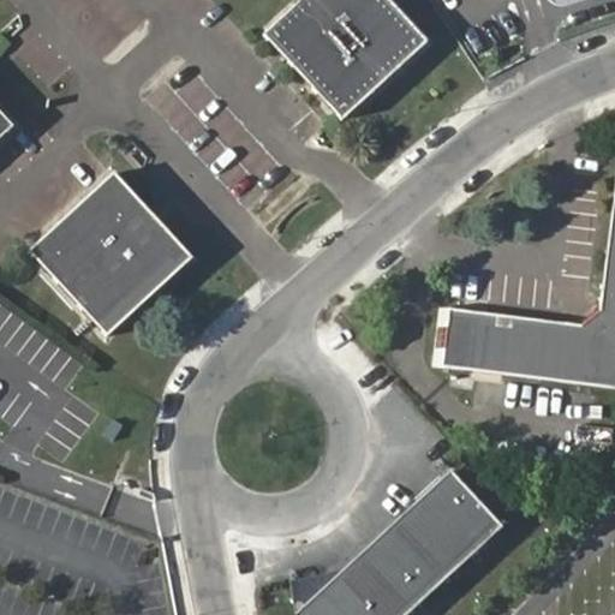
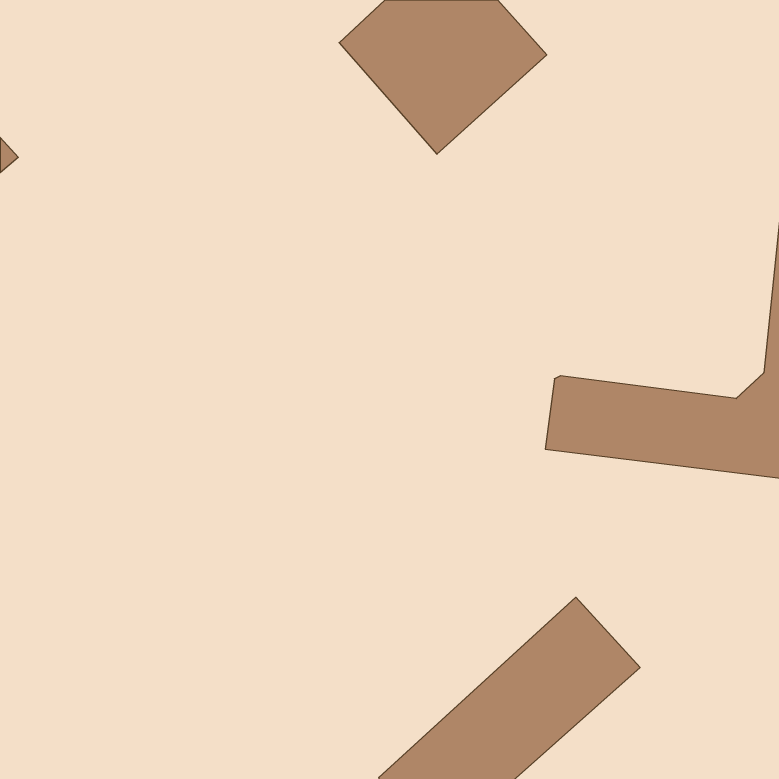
building: [32,172,192,334] -> none

